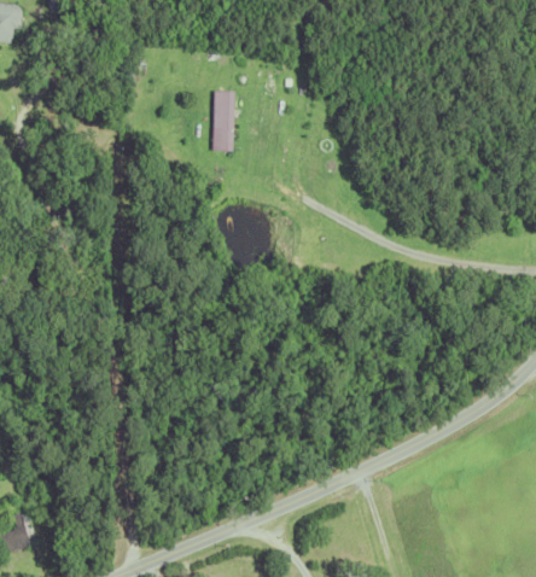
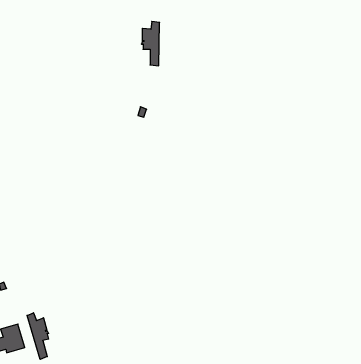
building: none -> [27,313,49,359]

